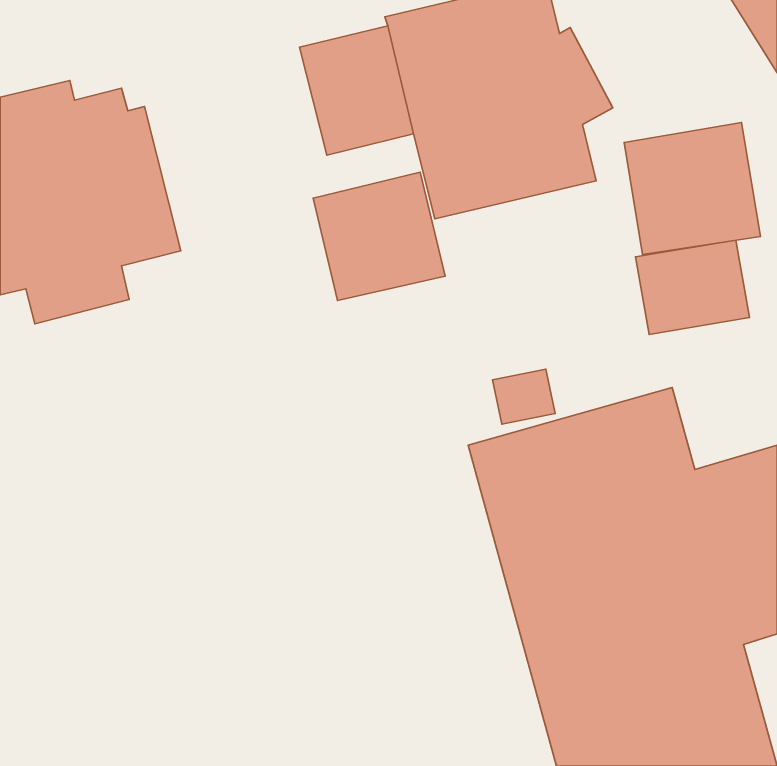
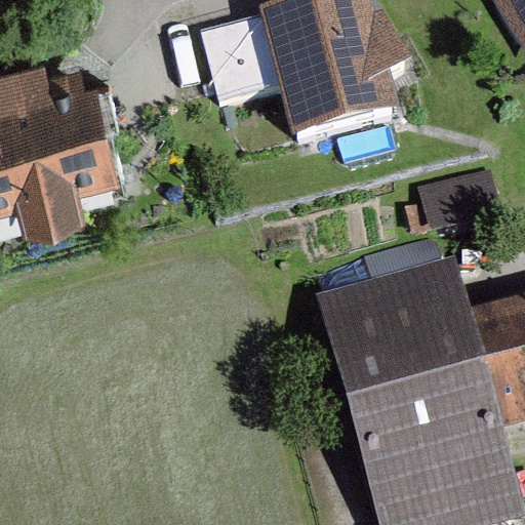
building: [624,123,760,254] -> none
building: [313,172,445,300] -> none

